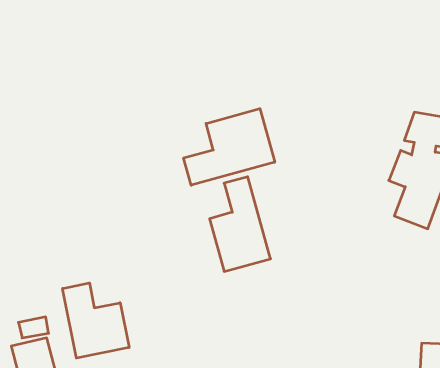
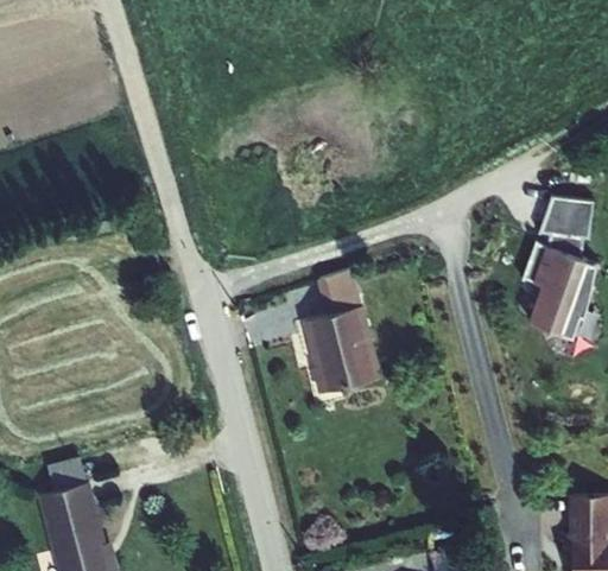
building: [184,109,275,185] -> none
building: [63,283,129,358] -> none

